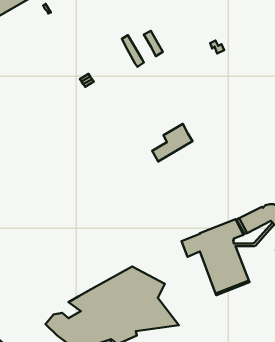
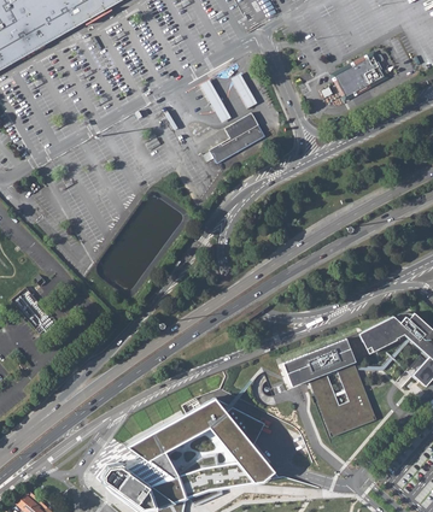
building: none -> [334,54,384,100]
building: [152,124,192,161] -> [209,112,264,164]

